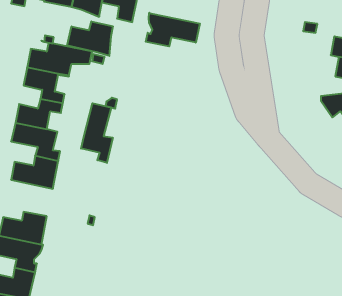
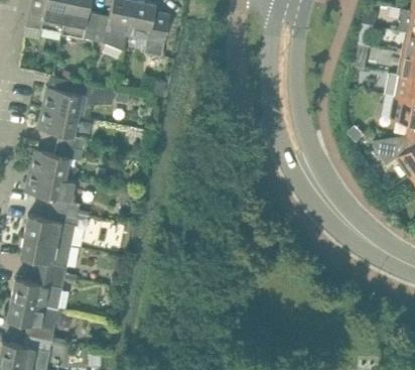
building: [146,13,200,46] -> none
building: [67,21,113,56] -> none
building: [81,103,113,163] -> none
building: none -> [19,236,72,277]

